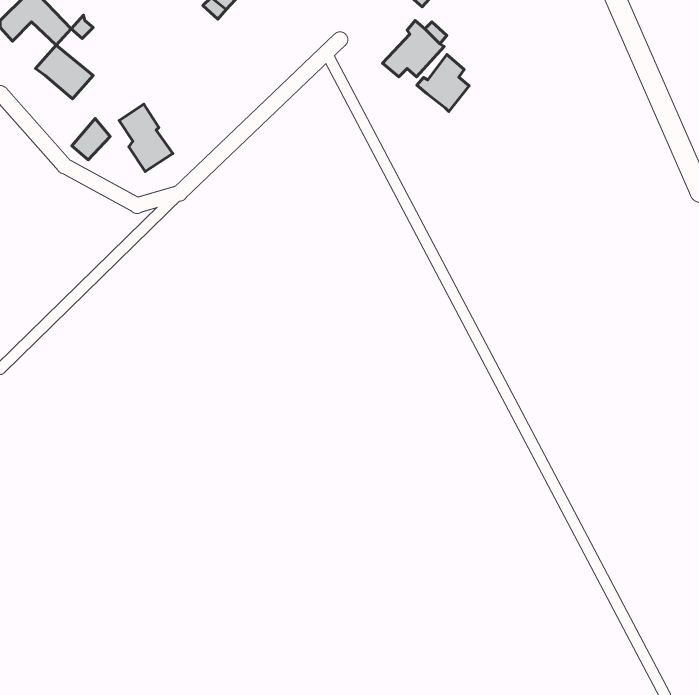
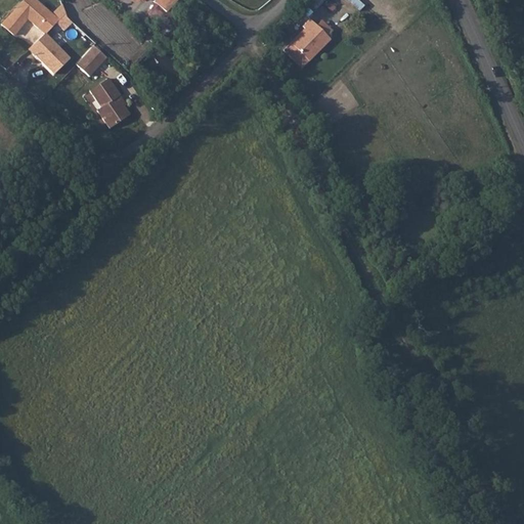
building: [417,54,469,111] -> none
building: [72,119,110,160] -> [78,42,106,73]

